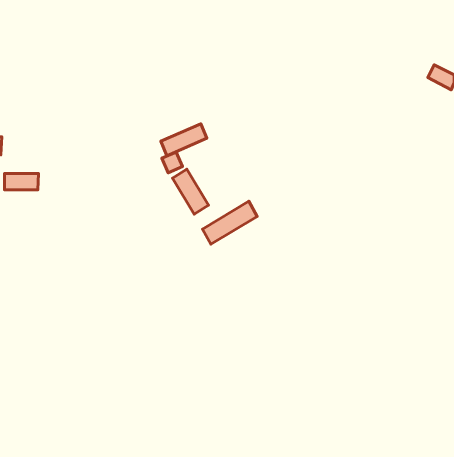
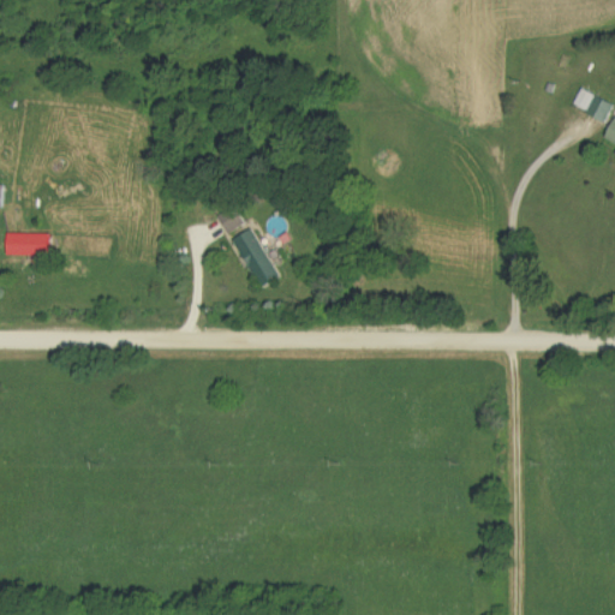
building: [161,124,207,156] -> none
building: [202,201,257,244] -> none

